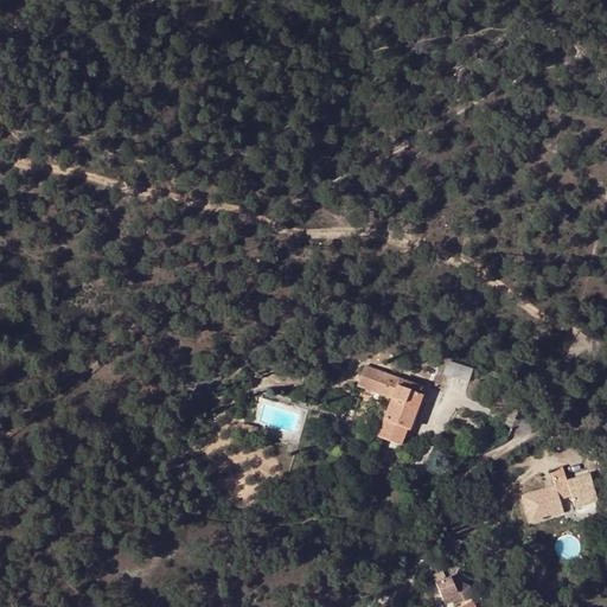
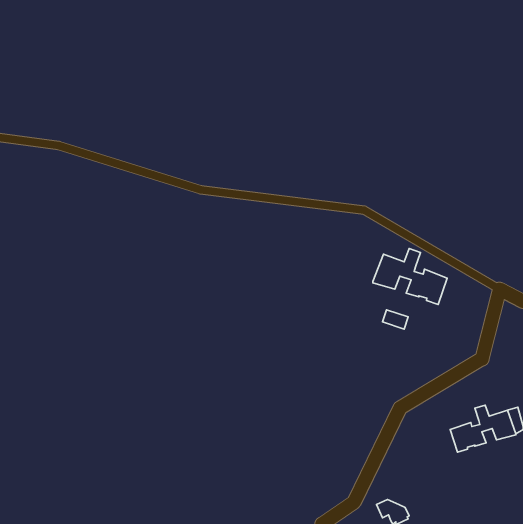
building: none -> [373,249,447,304]
building: [373,377,420,429] -> none

